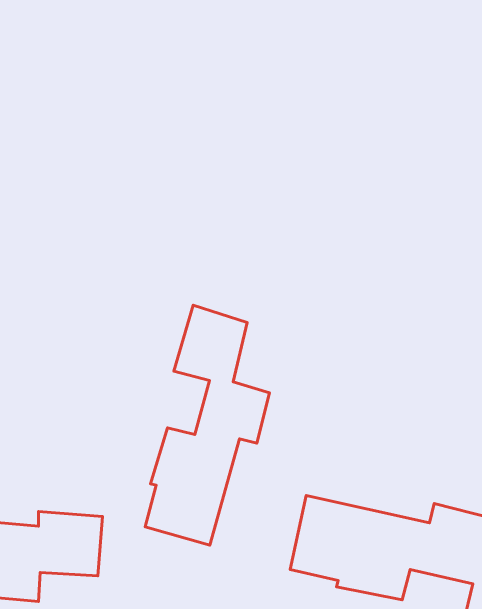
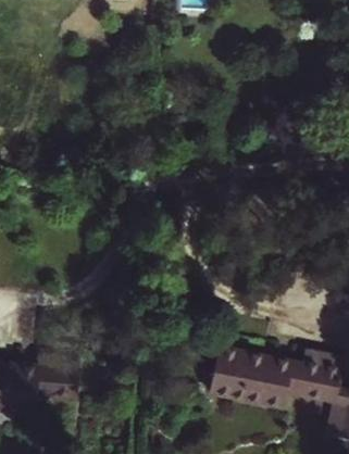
building: [145,305,269,545] -> none

